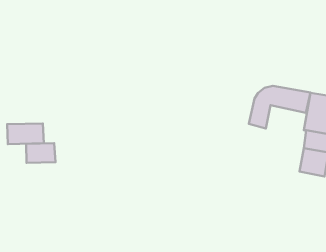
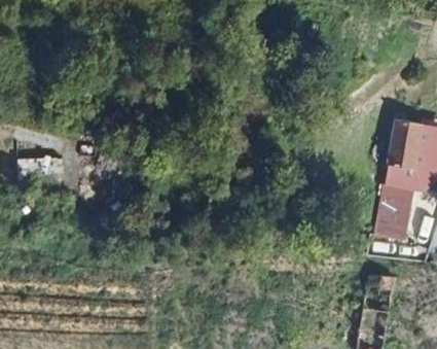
building: [249,86,310,128] -> none
building: [26,143,56,163] -> none

